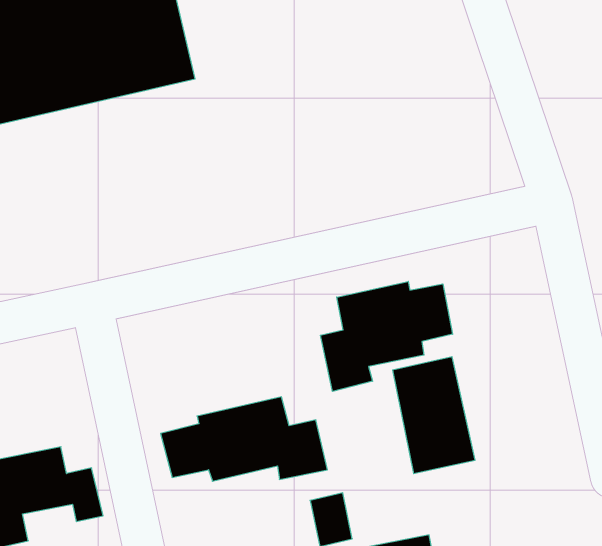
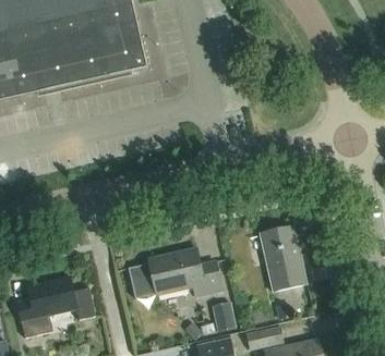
building: [320,281,453,391] -> none

